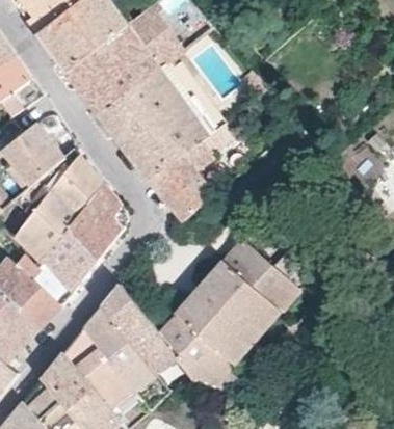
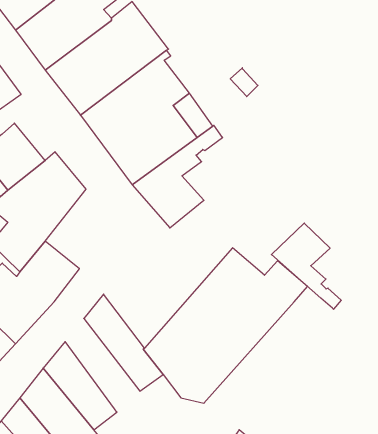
building: [64,185,124,260] -> none
building: none -> [271,223,341,309]
building: [83,306,154,392] -> none

